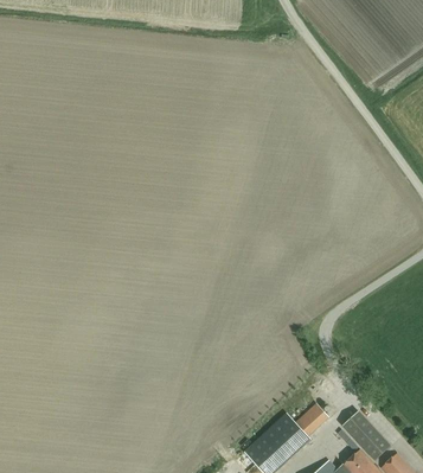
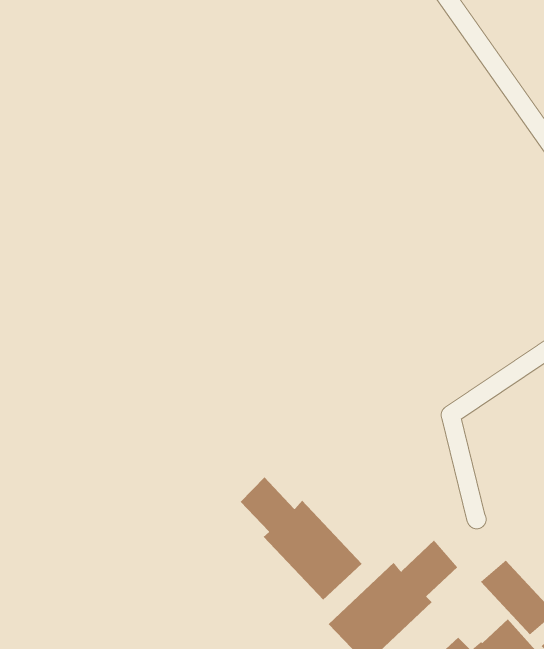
building: none -> [240,476,363,601]

